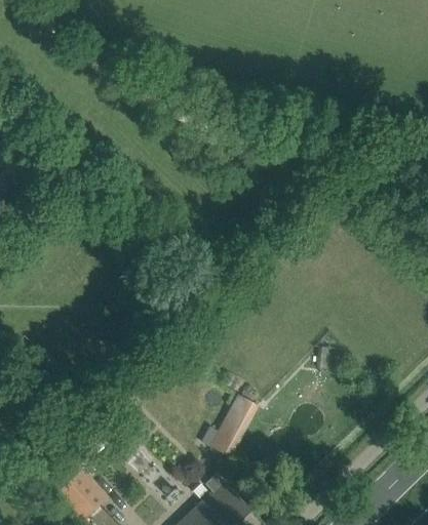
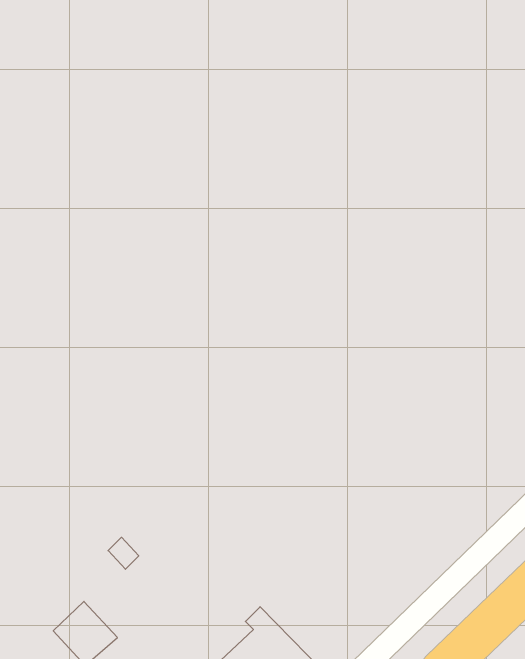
building: [210,396,257,457] -> none

